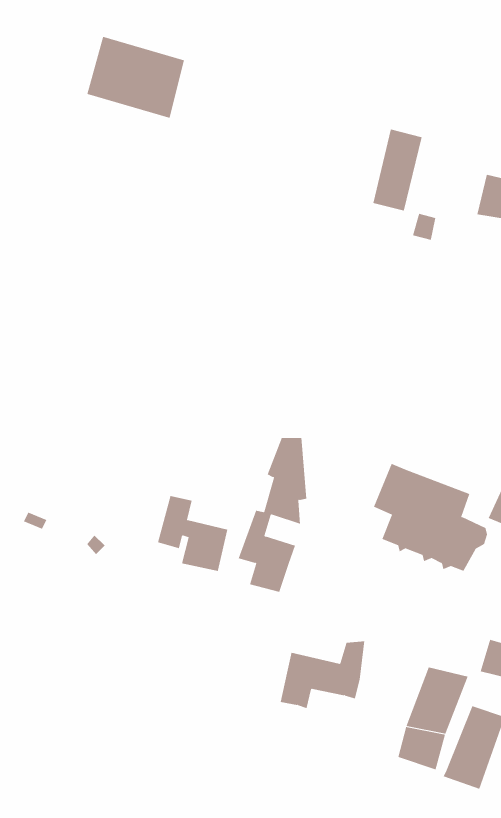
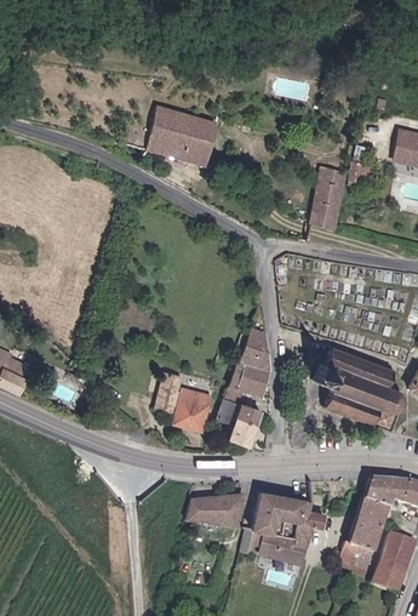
building: [86,36,185,118] -> [139,103,213,165]
building: [372,129,422,211] -> [309,165,347,227]
building: none -> [361,479,407,509]
building: none -> [183,495,244,529]
building: none -> [258,512,328,565]

